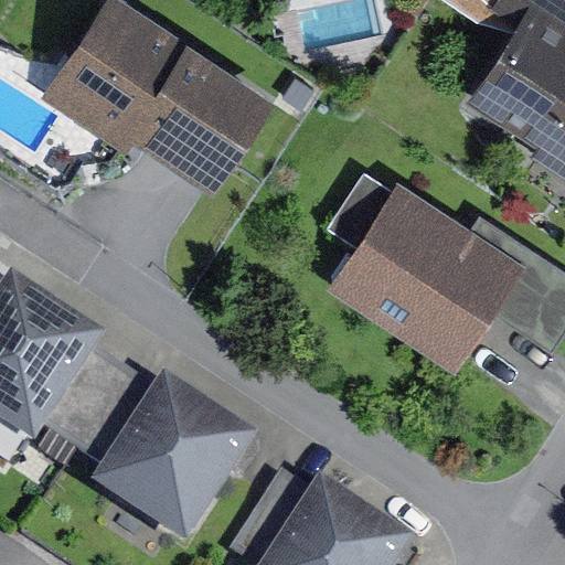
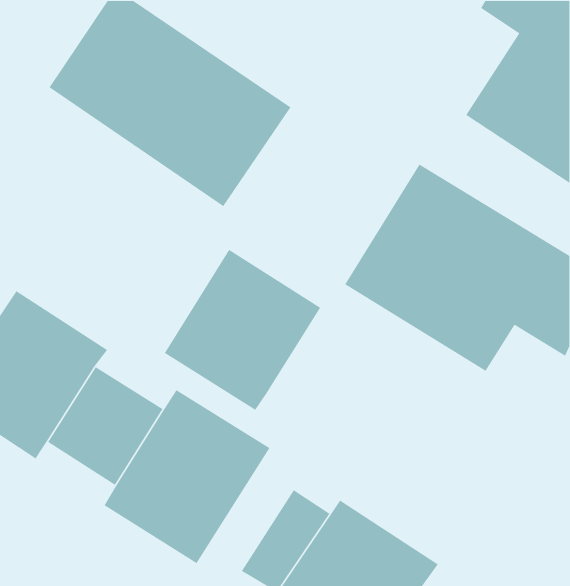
building: none -> [164,249,321,411]

